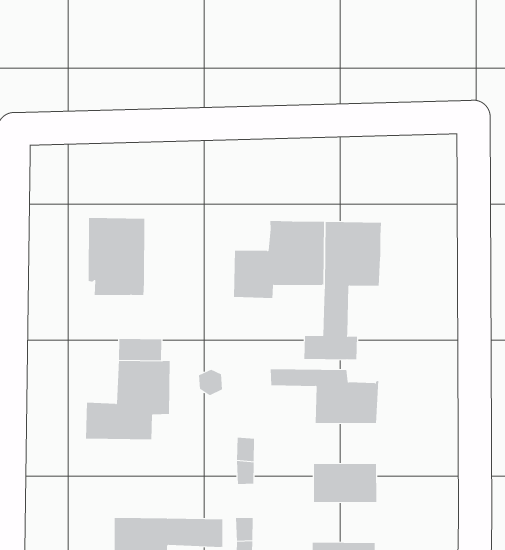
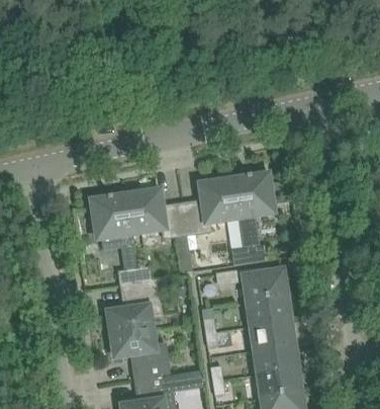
building: none -> [124,189,185,237]
building: none -> [247,295,288,325]
building: none -> [110,327,168,378]
building: none -> [254,342,295,373]

